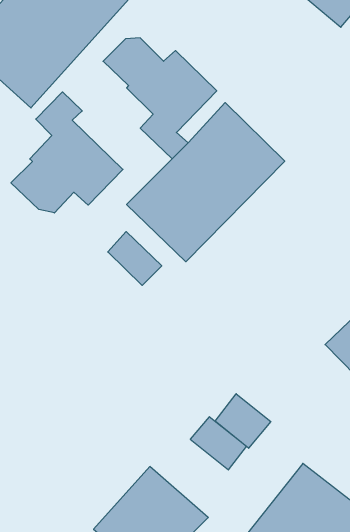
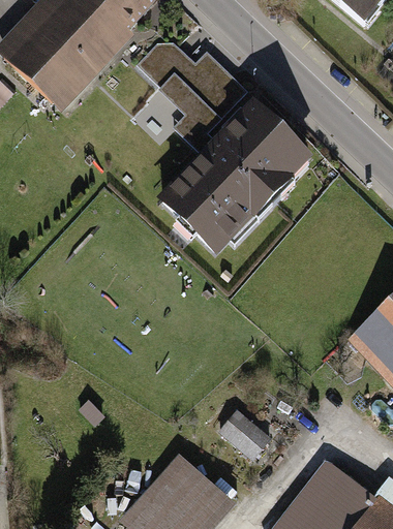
building: [11,92,123,213] -> none
building: [108,232,162,285] -> none
building: [215,394,271,448] -> none

